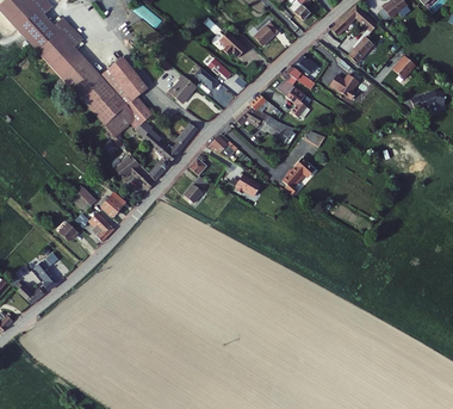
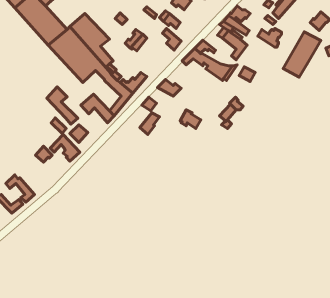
building: none -> [283,32,321,77]
building: none -> [47,87,78,124]

